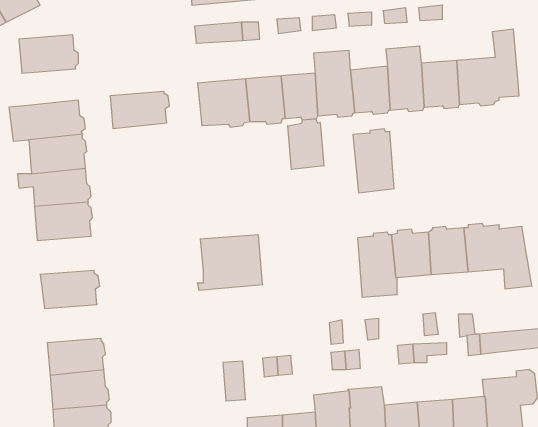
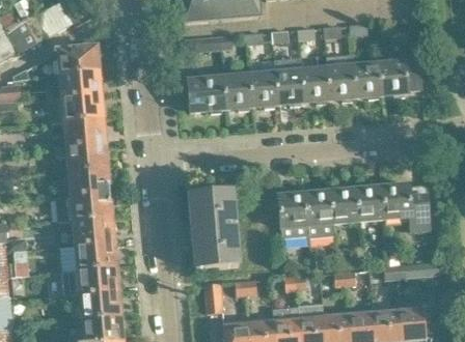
building: [110,92,170,129] -> [58,70,102,97]
building: [288,119,324,169] -> none
building: [353,129,394,193] -> [277,192,307,238]
building: none -> [55,193,113,222]
building: none -> [188,228,238,268]
building: none -> [59,243,118,272]

